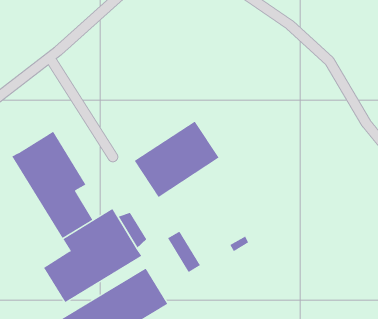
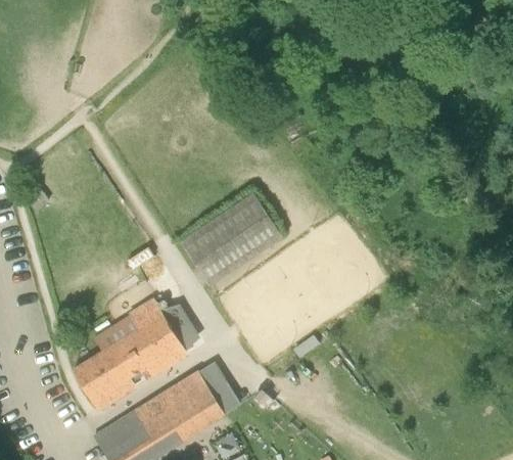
building: [11,131,93,239] -> none
building: [167,231,201,273] -> [196,362,237,413]

